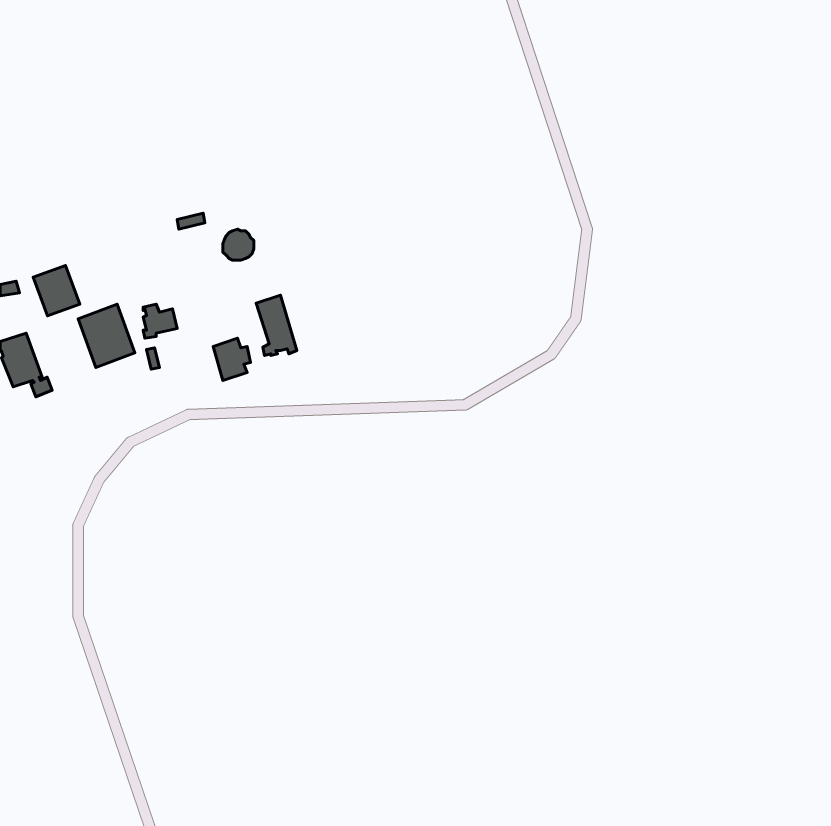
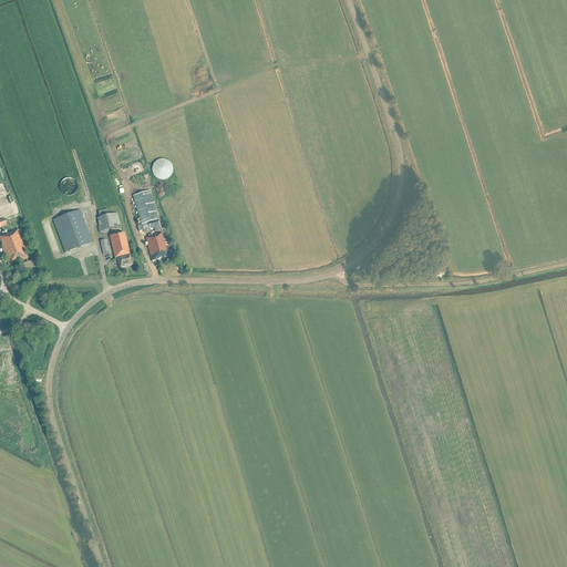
building: [33,265,80,316] -> none
building: [256,295,297,355] -> [133,188,161,229]
building: none -> [110,230,132,266]

